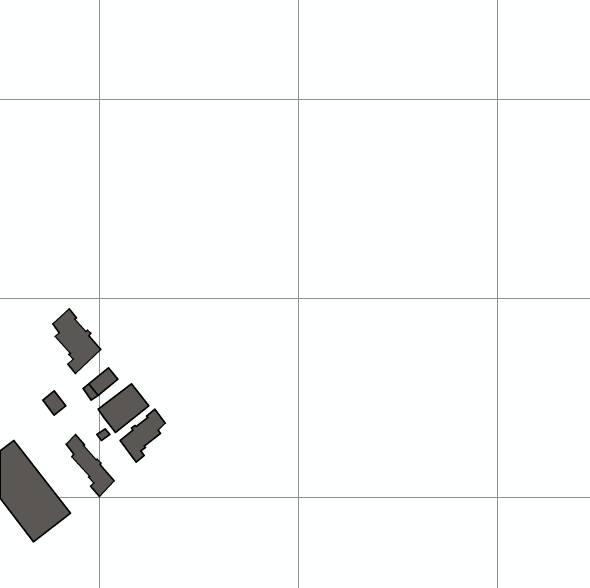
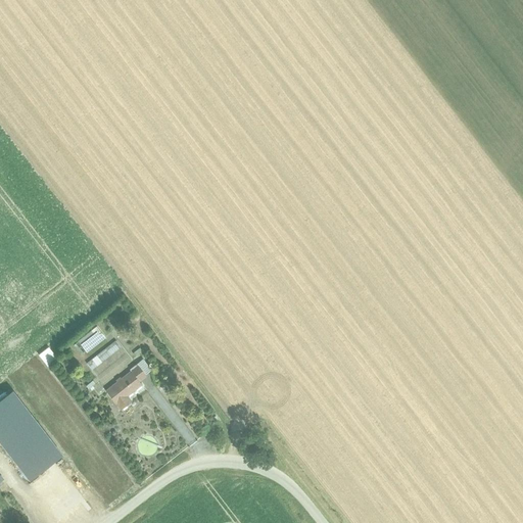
building: [53,309,101,373] -> none
building: [66,434,114,497] -> none

